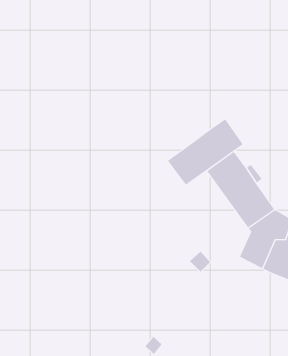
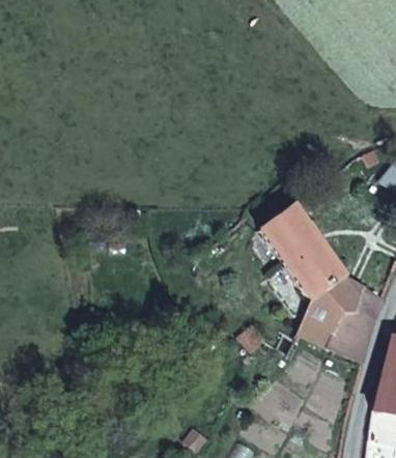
building: [167,119,244,186] -> none

